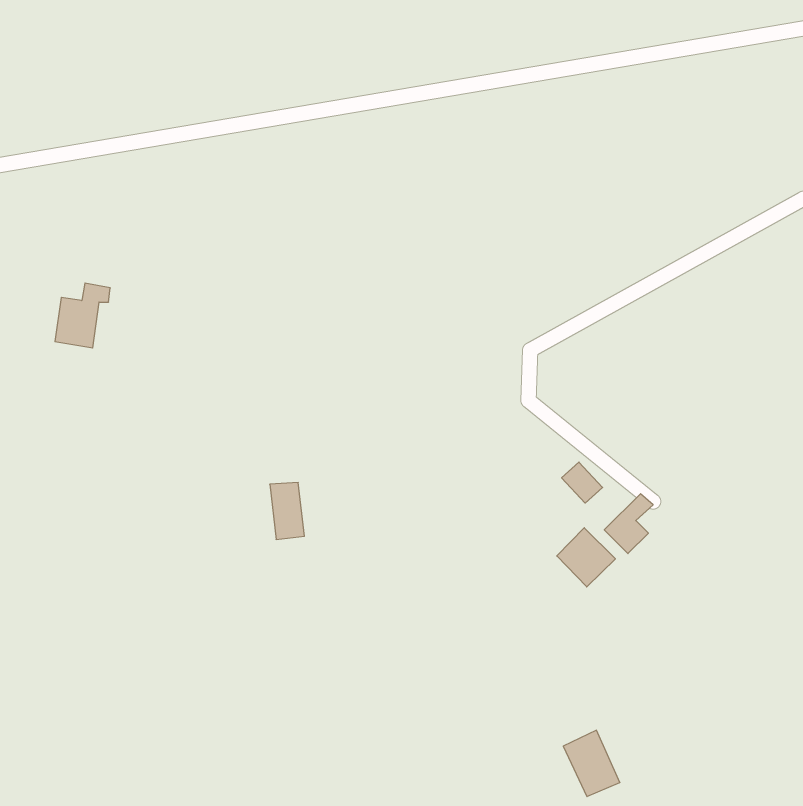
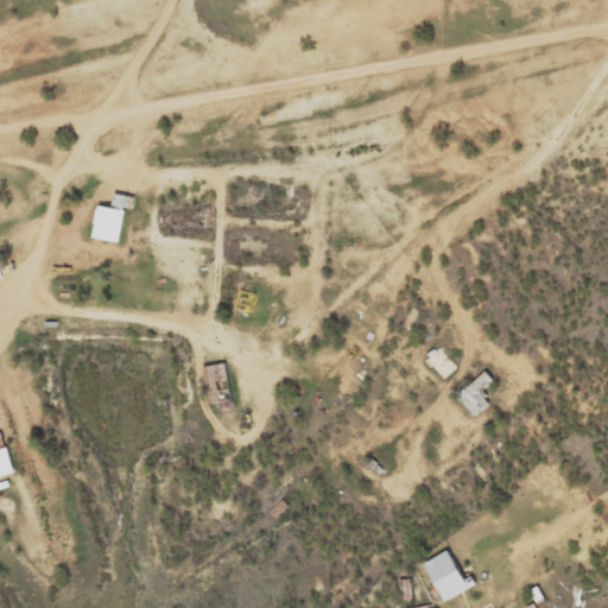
building: [55,283,110,348] -> [90,194,132,242]
building: [557,528,615,587] -> none

